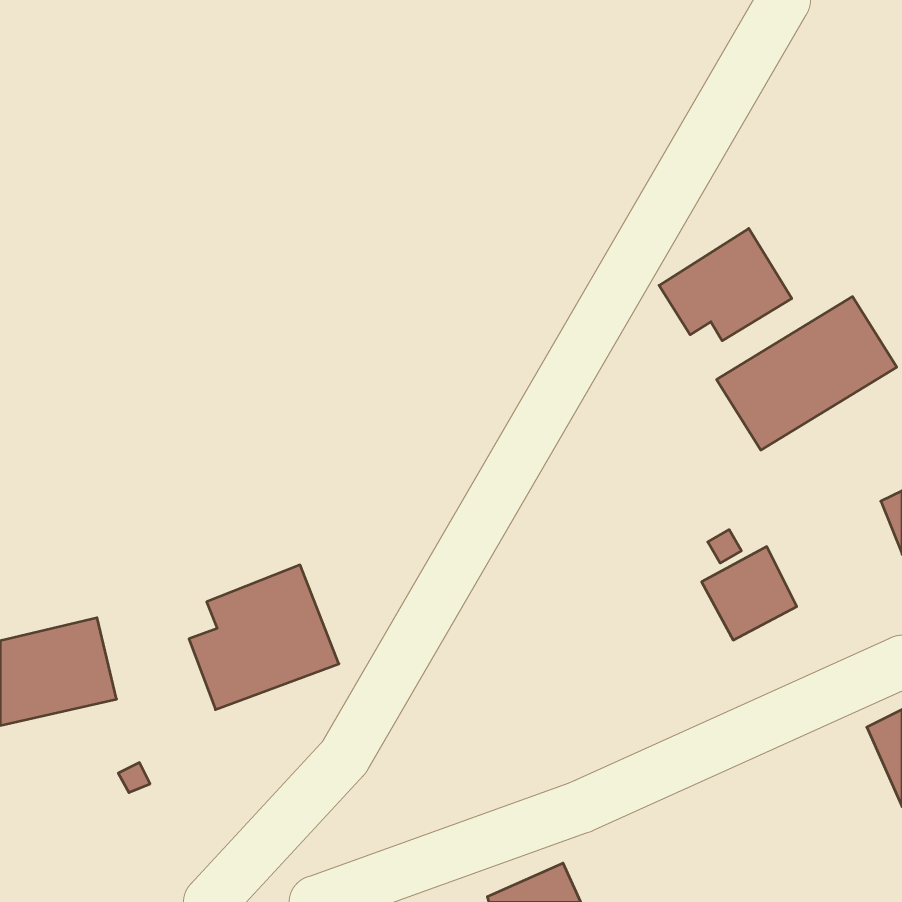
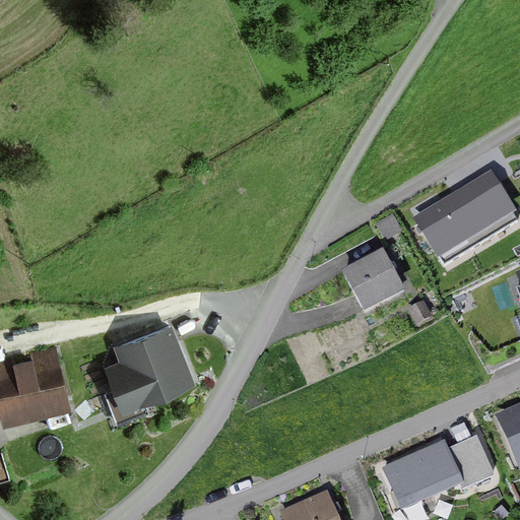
building: [659,228,792,341] -> none
building: [702,547,797,640] -> [343,257,398,311]
building: none -> [382,437,494,512]

